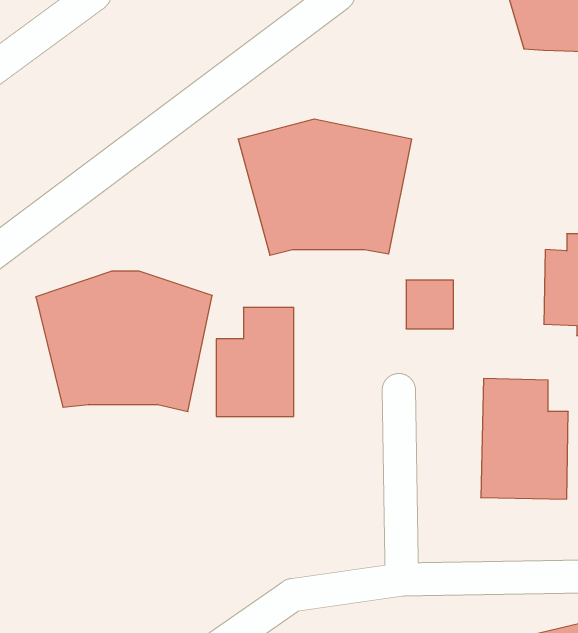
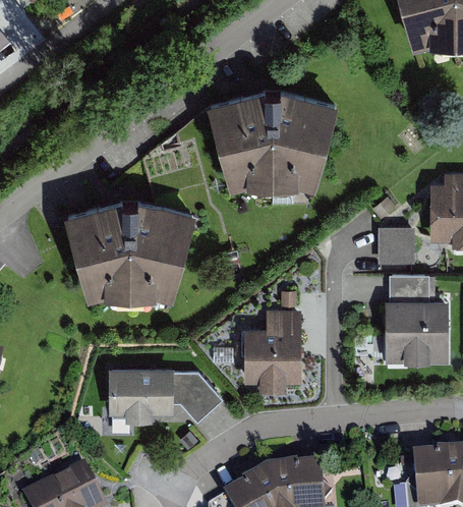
building: [406,280,453,329] -> [378,229,411,264]
building: [216,307,294,416] -> [244,307,299,385]
building: none -> [107,370,221,425]

